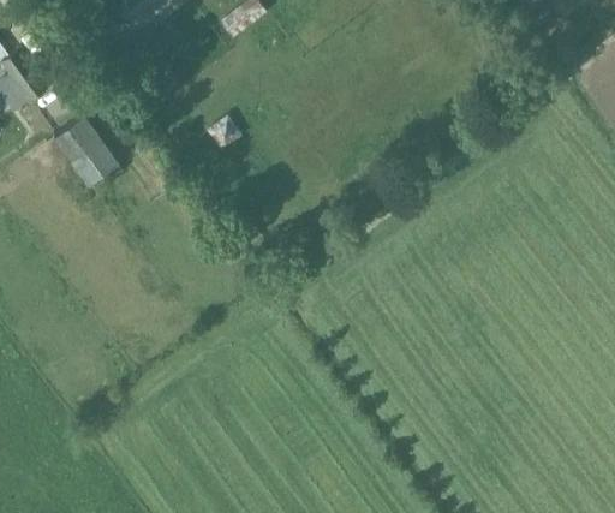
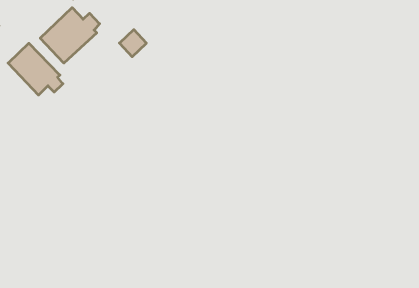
building: none -> [40,8,100,63]

